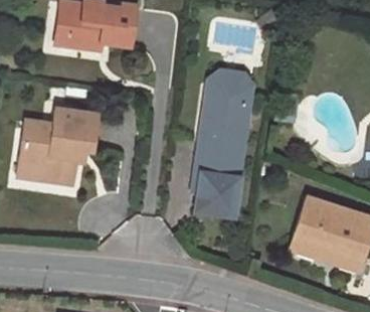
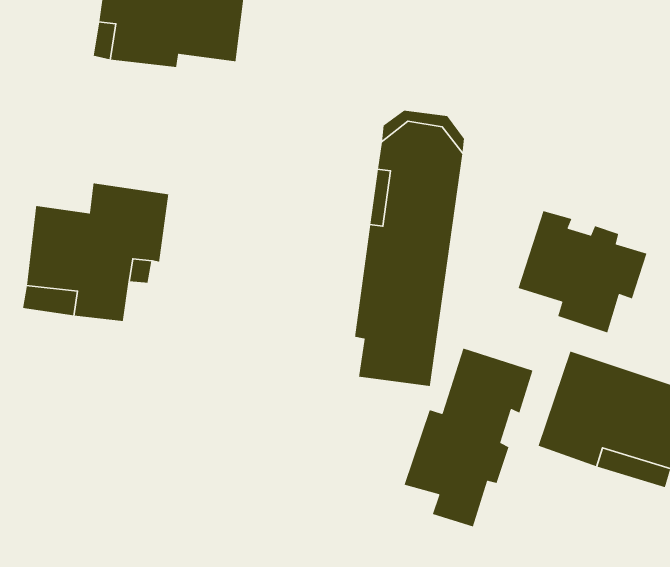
building: none -> [517,210,647,334]
building: none -> [404,347,533,528]

